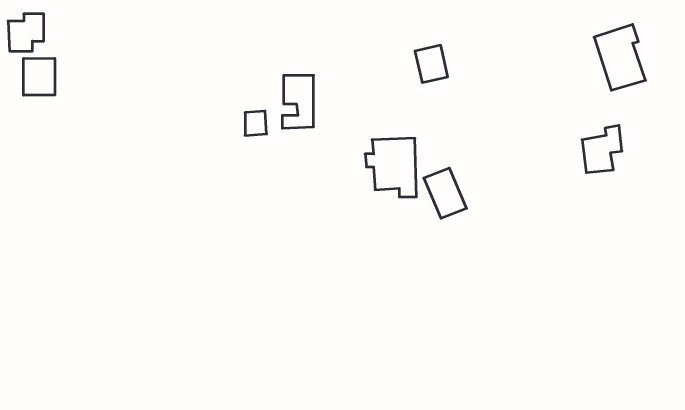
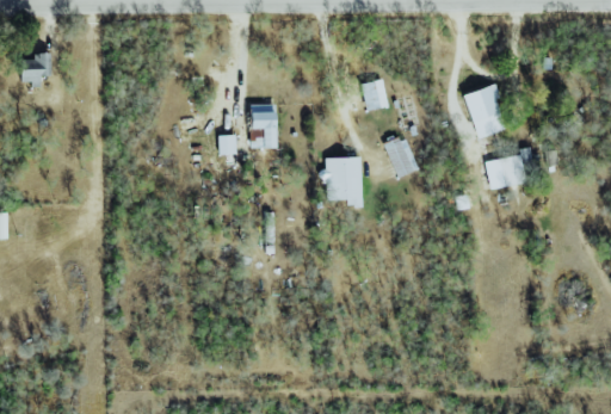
building: [594,24,646,90] -> [463,82,506,137]
building: [24,58,55,95] -> none
building: [424,168,467,218] -> [383,135,419,177]

